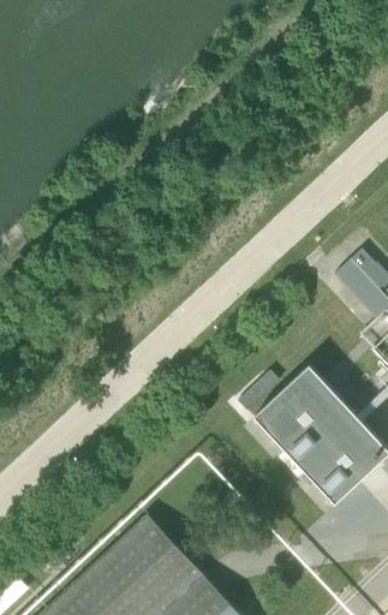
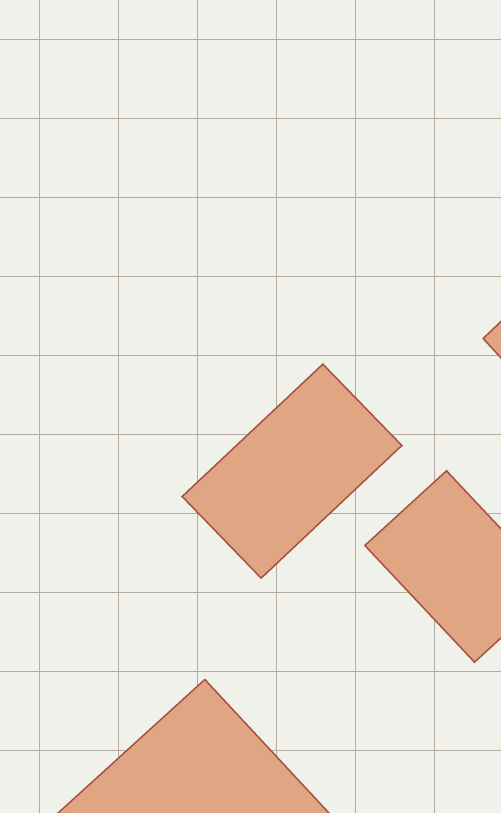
building: none -> [182,364,402,578]

